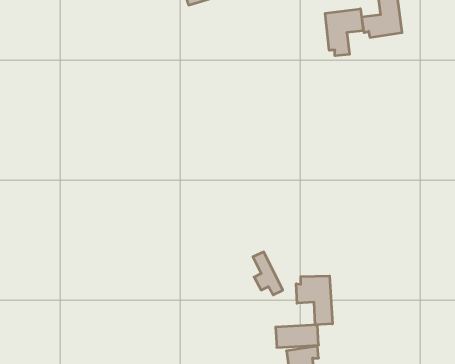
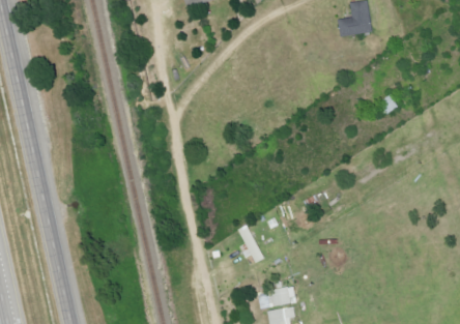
building: [325,9,363,56] -> none
building: [296,276,332,325] -> none

